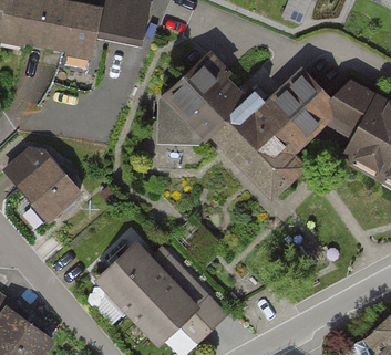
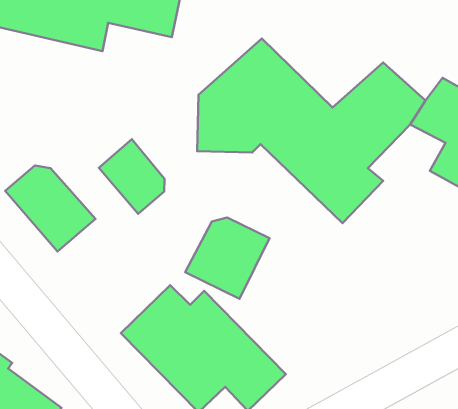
building: none -> [99,139,165,214]
building: none -> [185,217,269,299]

